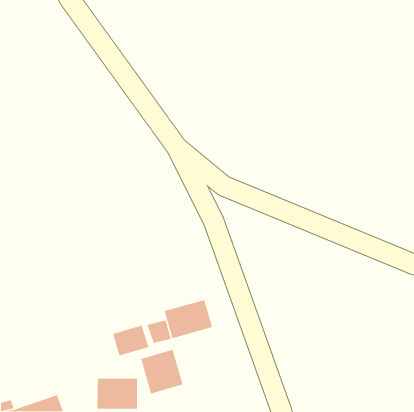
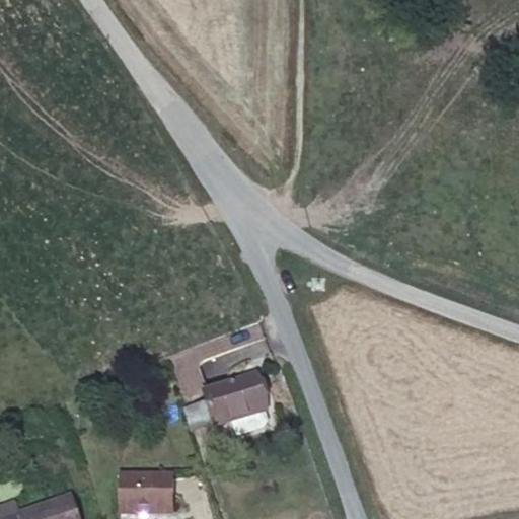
building: [112,325,149,357] -> none
building: [140,349,183,395] -> none

